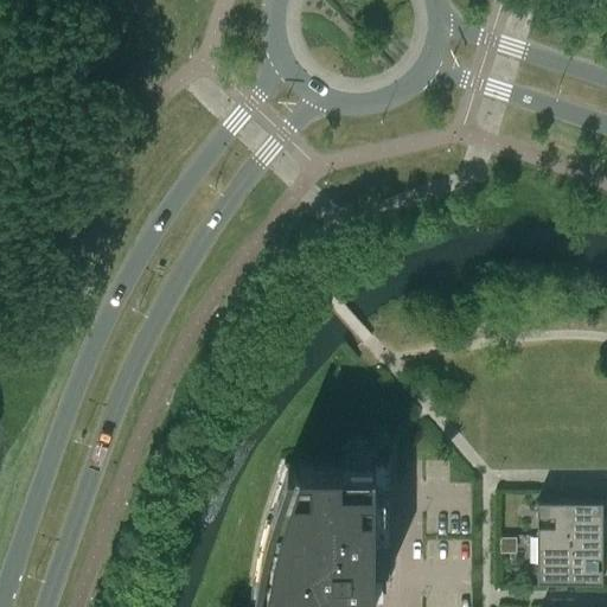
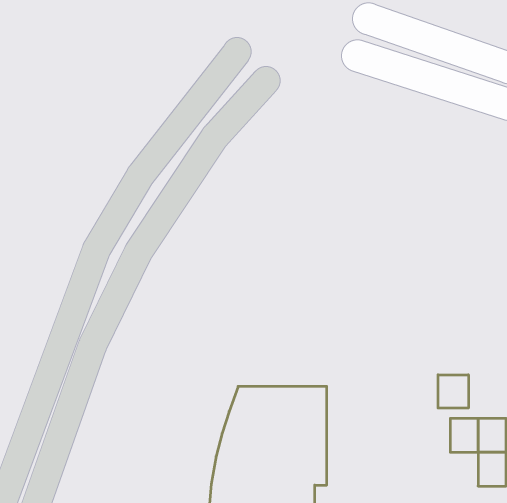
building: none -> [438,375,468,408]
building: [538,545,571,586] -> none

